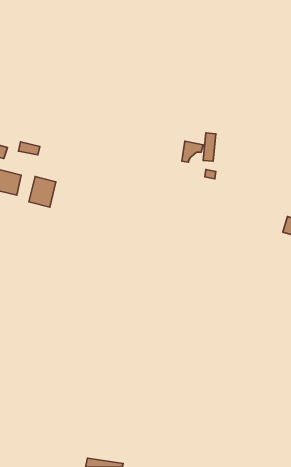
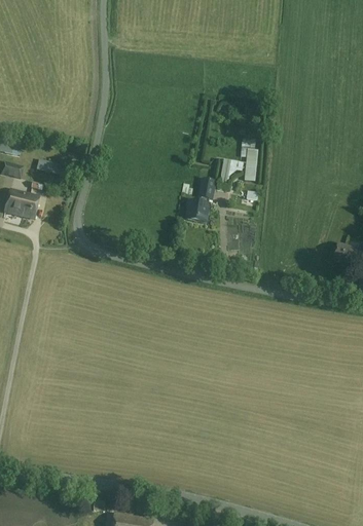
building: none -> [185,178,216,222]
building: [29,177,56,207] -> none

